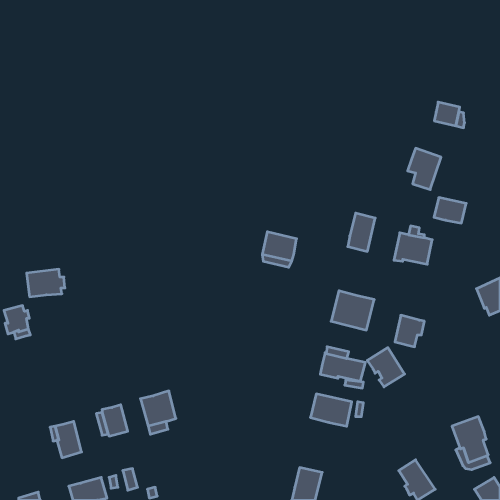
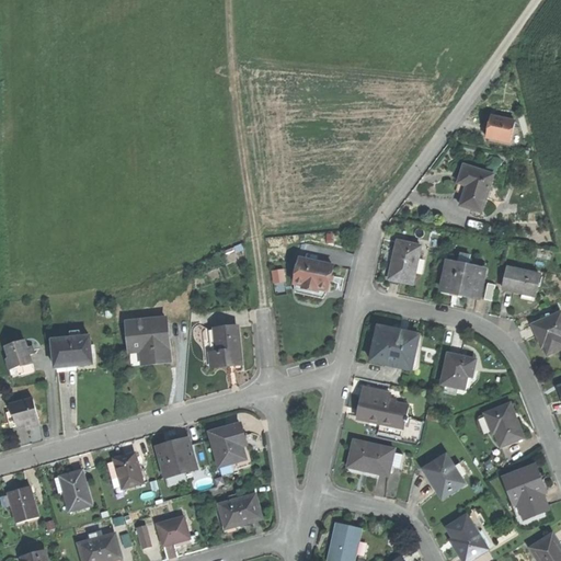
building: [434,198,466,223] -> [502,265,538,294]
building: [27,269,65,297] -> [51,339,94,369]
building: none -> [126,319,168,365]
building: none -> [208,327,241,366]
building: [367,348,405,387] -> [422,453,463,496]
building: none -> [484,402,522,444]
building: none -> [10,403,36,431]
building: none -> [209,422,247,470]
building: none -> [4,485,37,522]
building: none -> [218,493,261,525]
building: none -> [156,515,188,545]

